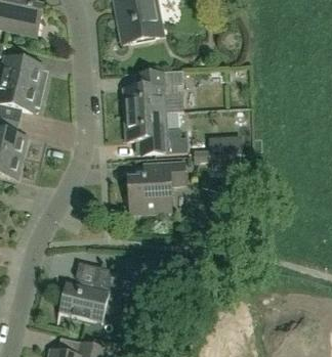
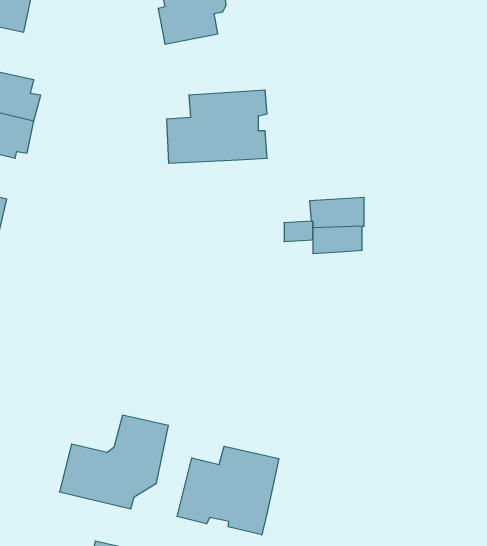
building: [124,113,188,154] -> none
building: [128,163,185,214] -> none
building: none -> [177,446,279,535]

